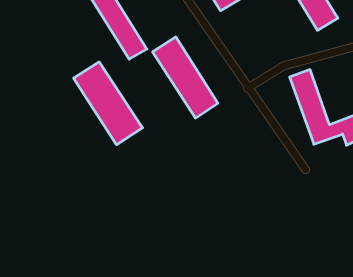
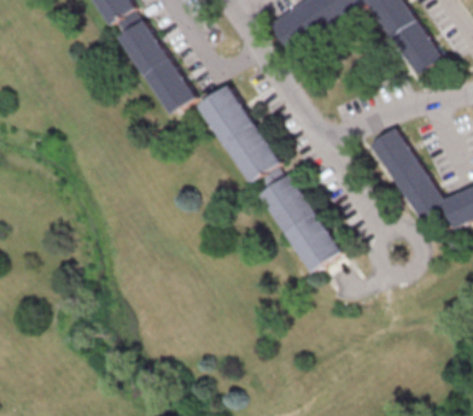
building: [74,62,143,145] -> none
building: none -> [259,172,340,271]

